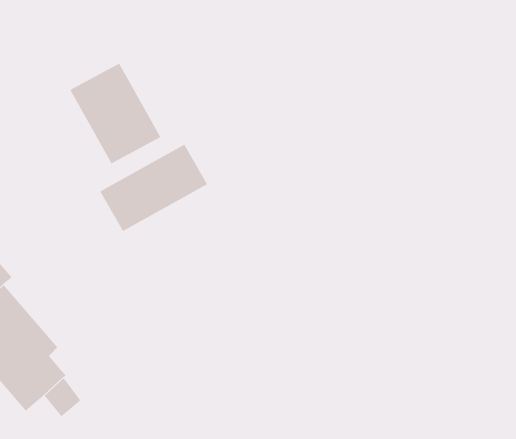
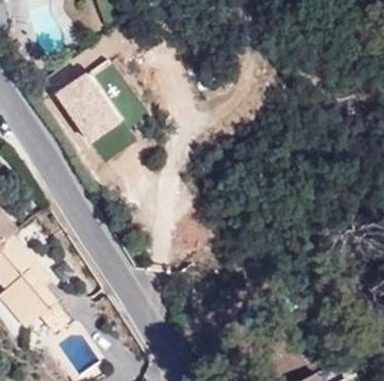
building: [99,144,208,232] -> none

